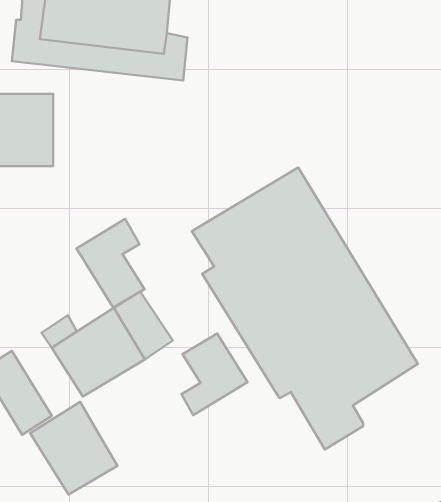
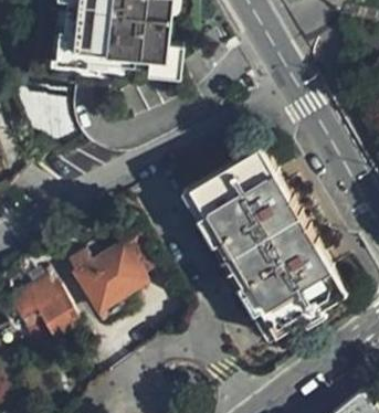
building: [76,219,144,308] -> none
building: [182,333,248,415] -> none
building: [30,402,117,494] -> none

